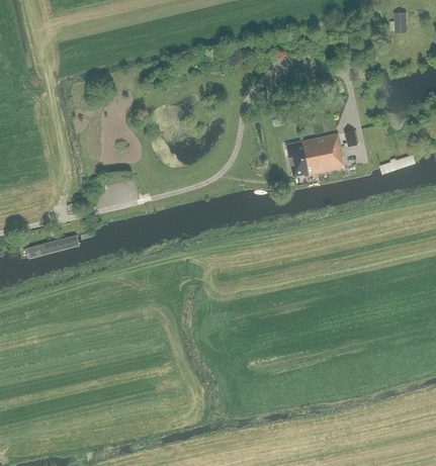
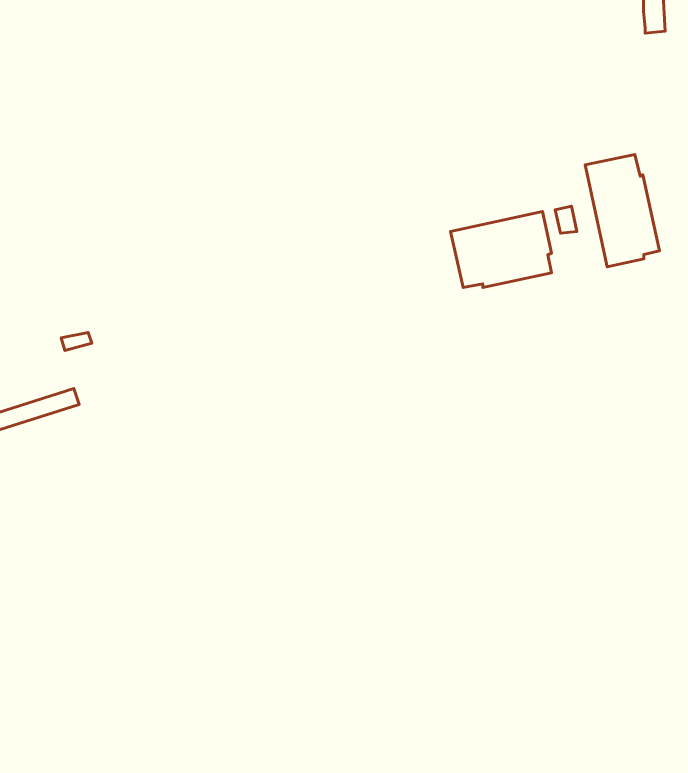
building: none -> [585,155,660,267]

